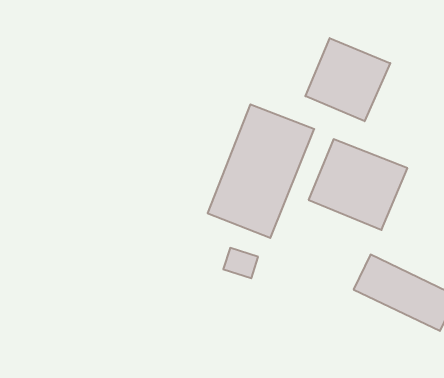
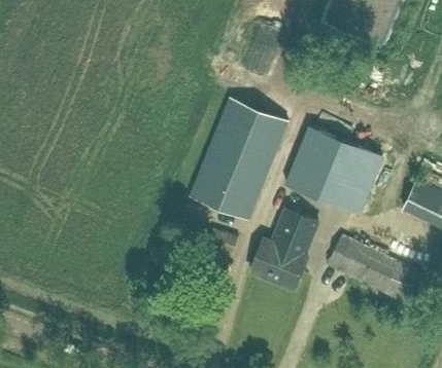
building: [305,38,390,121] -> none
building: none -> [248,206,319,290]

